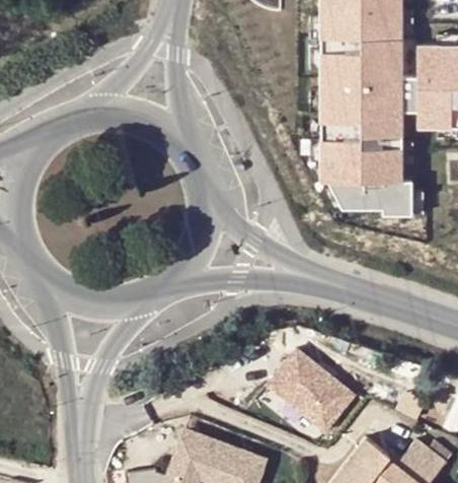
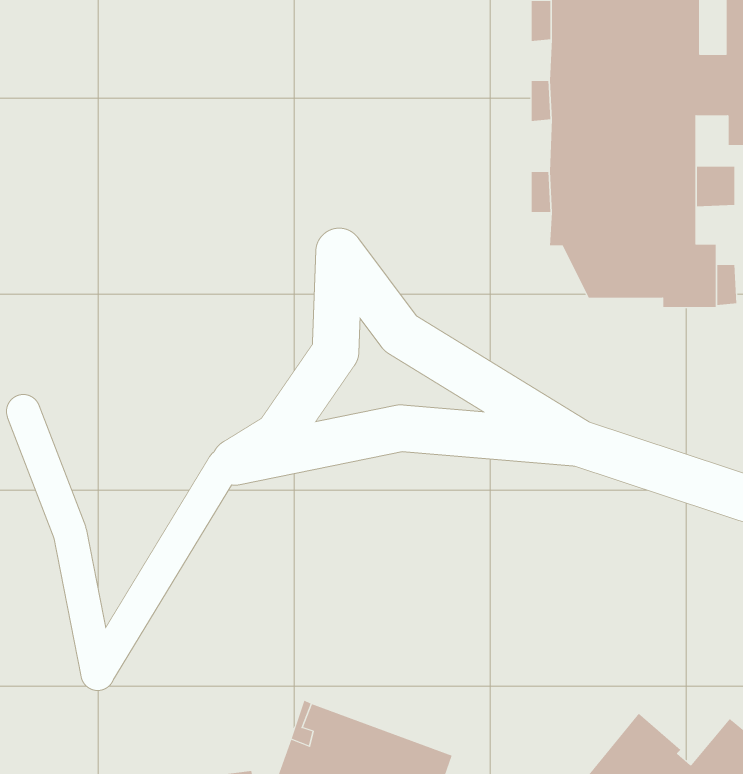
building: [270,349,357,431] -> none

